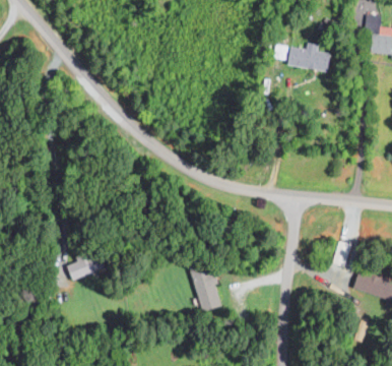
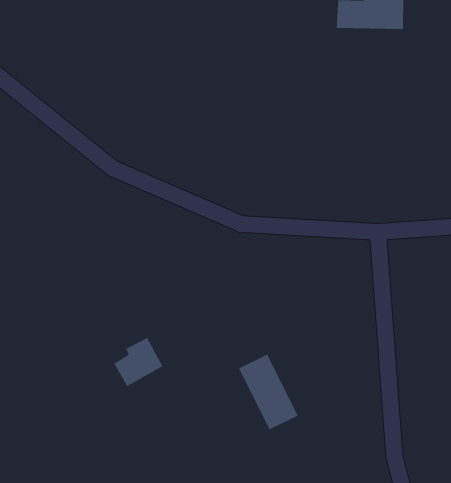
building: [66,252,97,282] -> [113,337,164,387]

